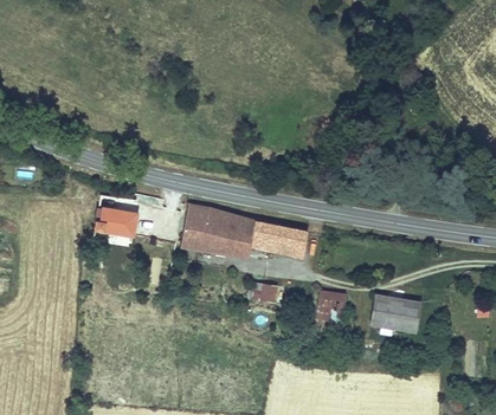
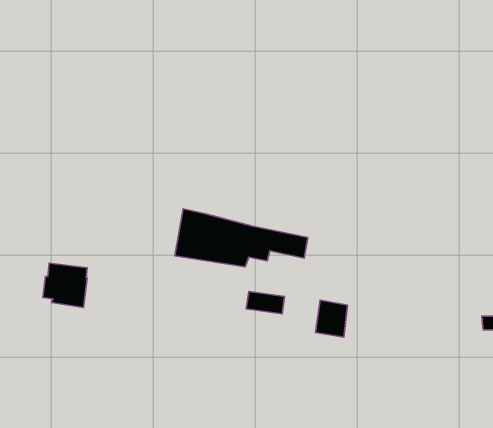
building: [95,196,137,239] -> [43,263,87,307]
building: [371,294,423,333] -> none

